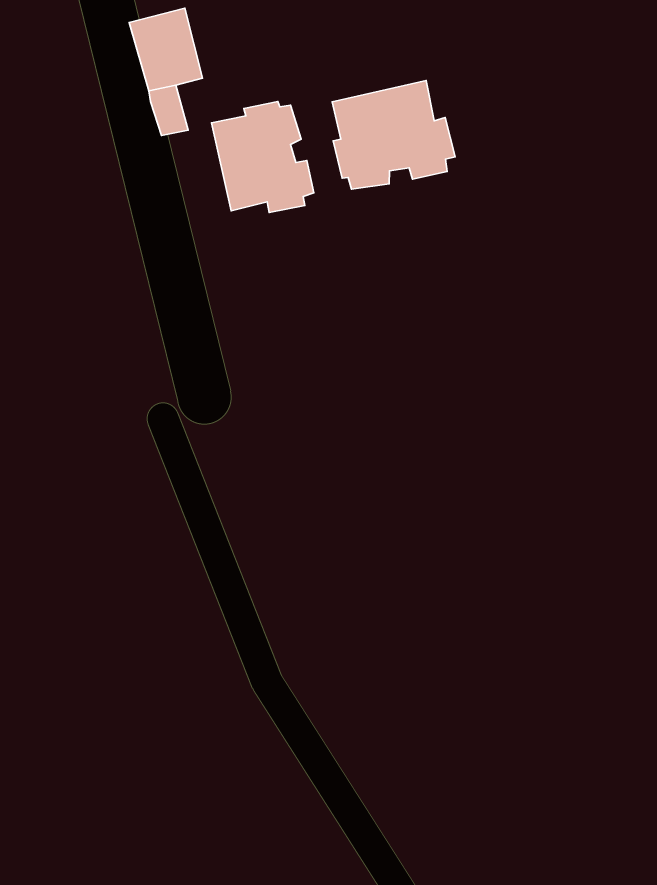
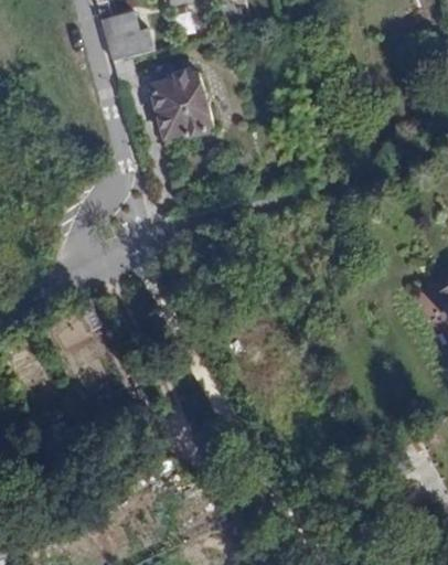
building: [332,81,455,189] -> none

